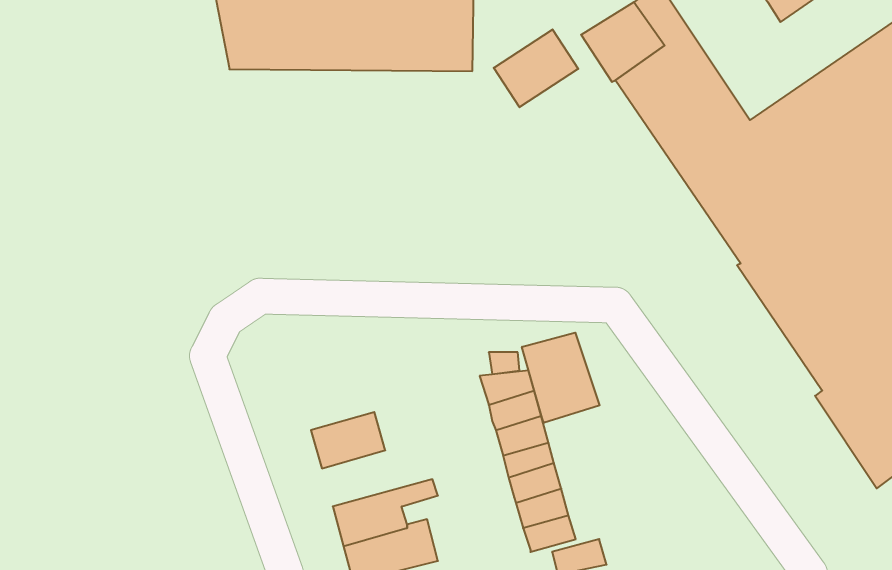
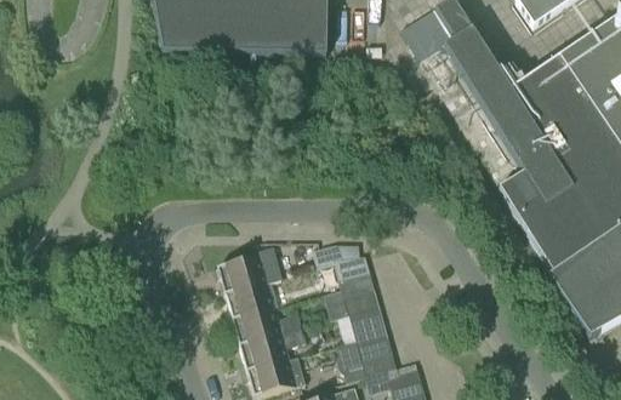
building: [494,29,578,107] -> none
building: [522,333,600,423] -> none
building: none -> [212,253,278,296]
building: none -> [227,309,301,347]
building: none -> [336,341,366,382]

